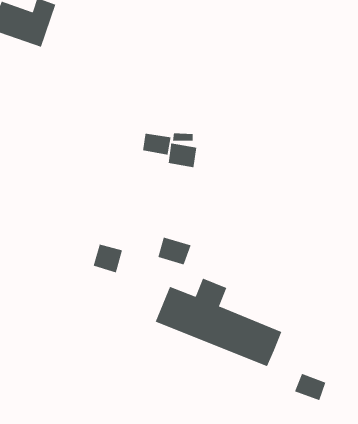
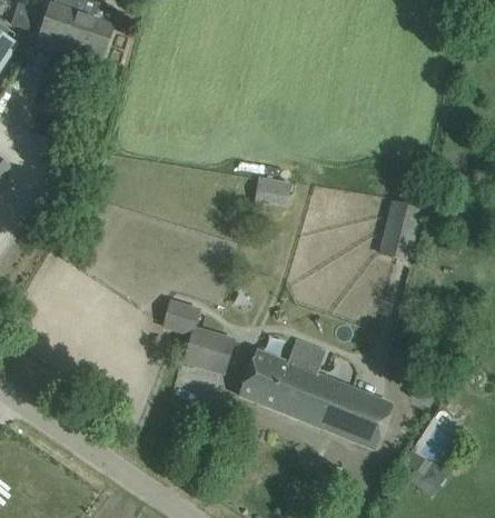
building: [142,133,171,155] -> none
building: none -> [378,199,422,261]
building: [158,237,191,265] -> [190,335,231,369]

